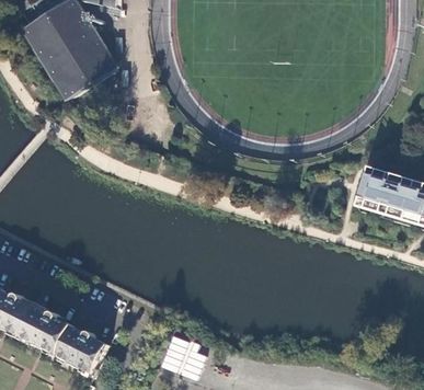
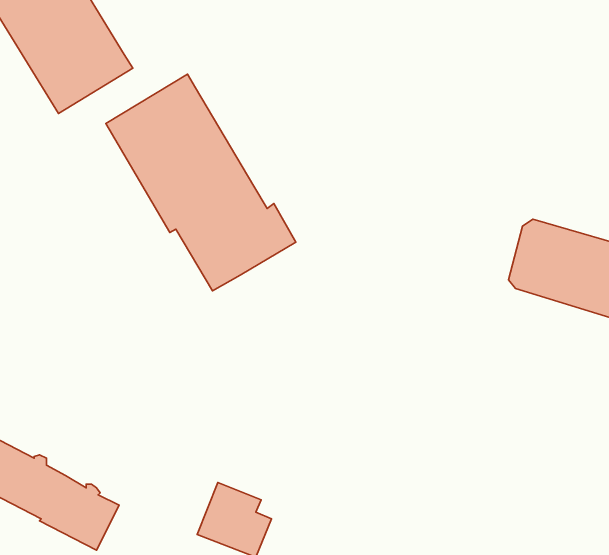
building: none -> [106,74,296,291]

